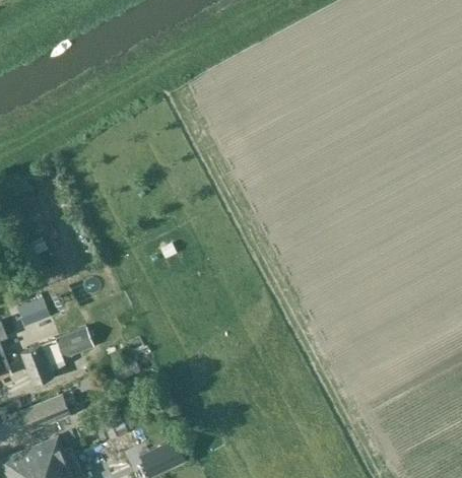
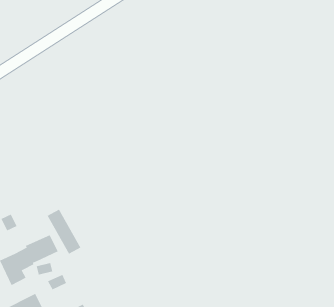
building: none -> [47,209,81,254]

